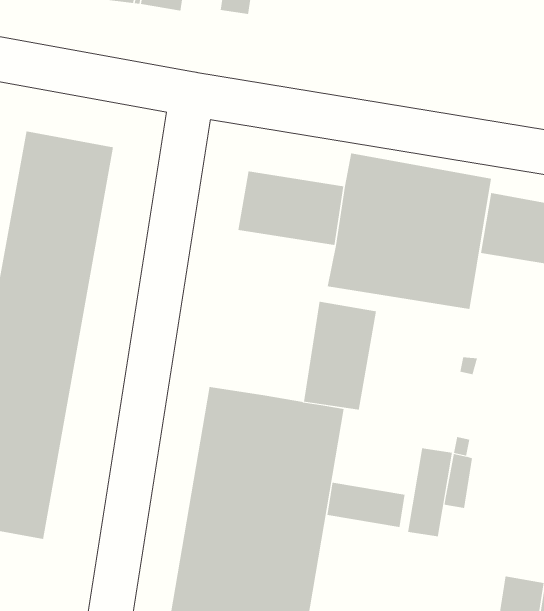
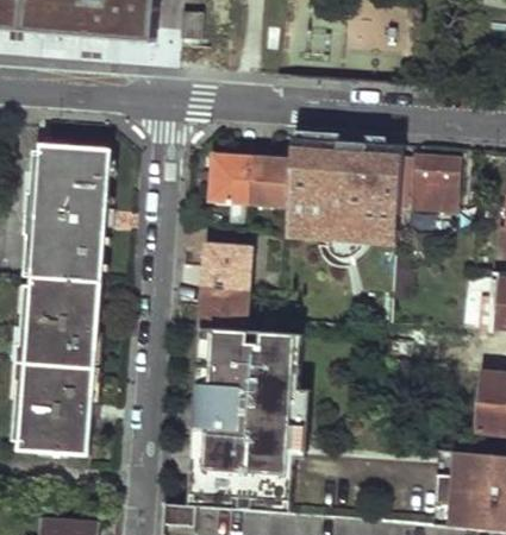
building: [303,301,377,410] -> [200,250,250,331]
building: [408,448,453,537] -> none
building: [327,482,405,528] -> none

